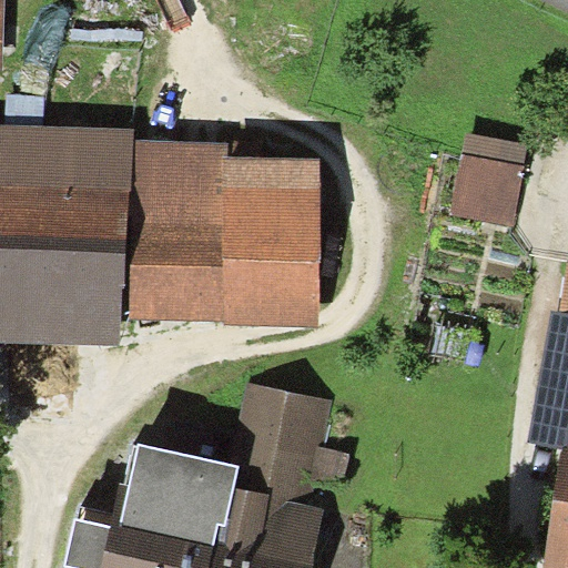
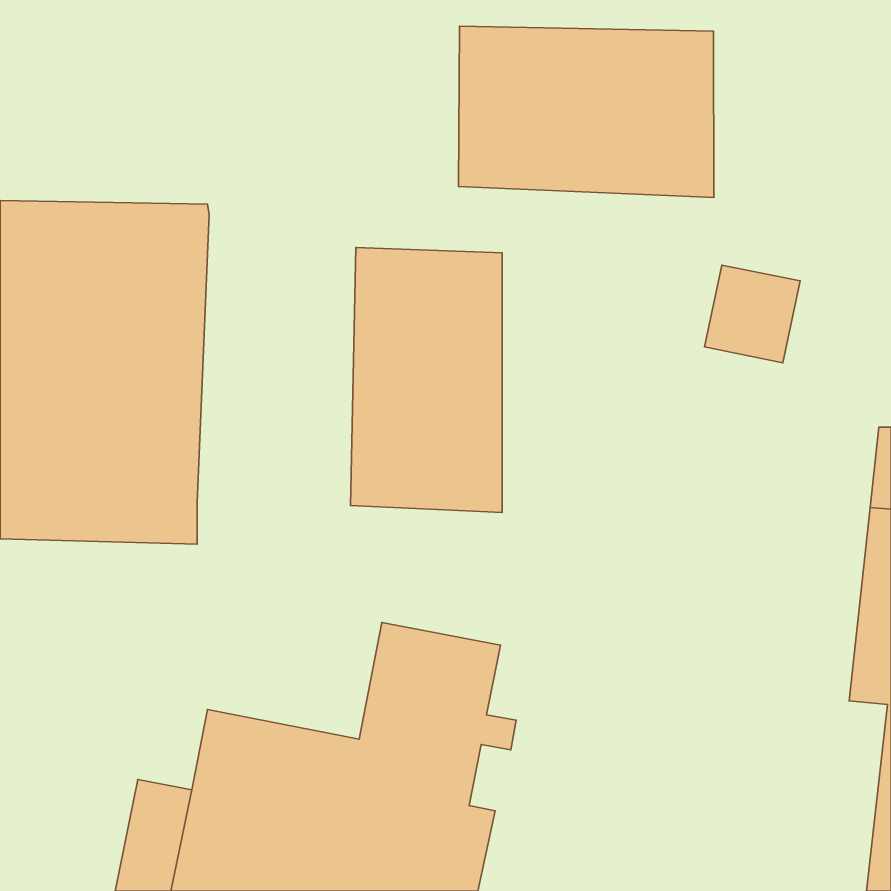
building: none -> [459,26,714,197]
building: [125,136,226,322] -> none

